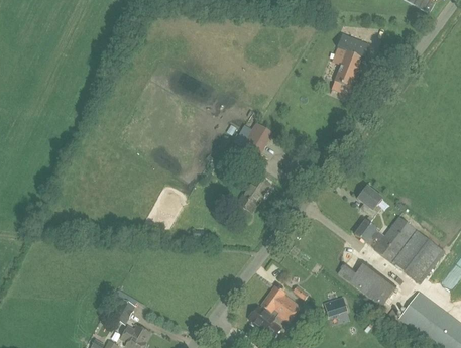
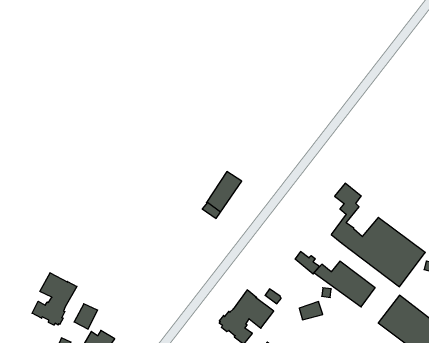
building: [331,34,368,95] -> none
building: [242,123,270,156] -> none
building: none -> [32,273,77,325]

